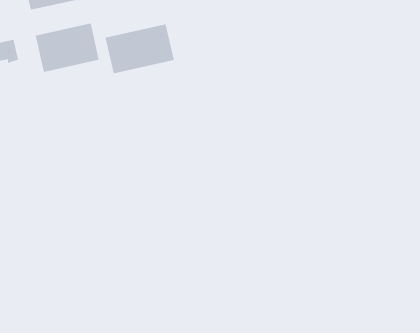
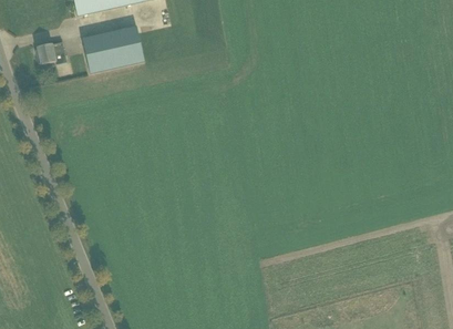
building: [105,24,174,74] -> none

